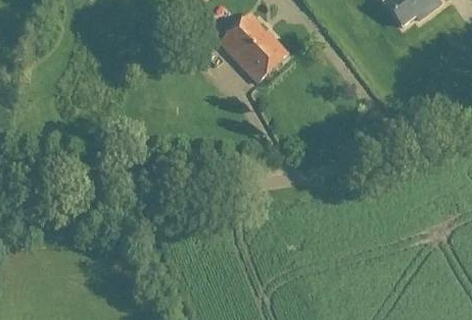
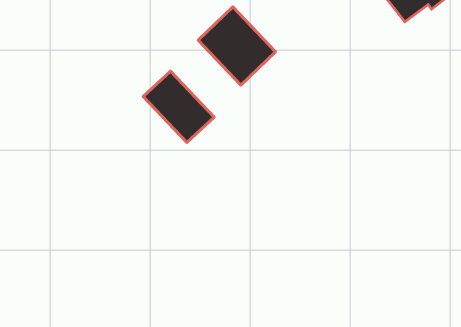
building: none -> [143,71,214,142]

